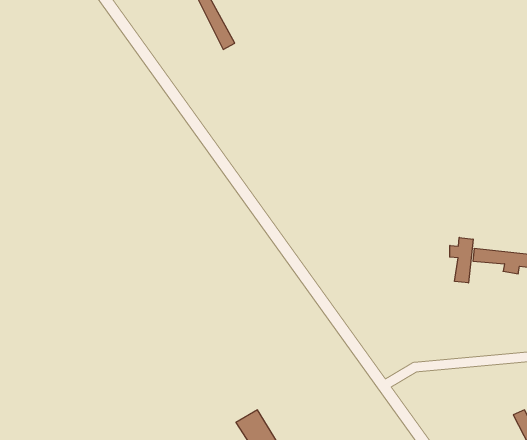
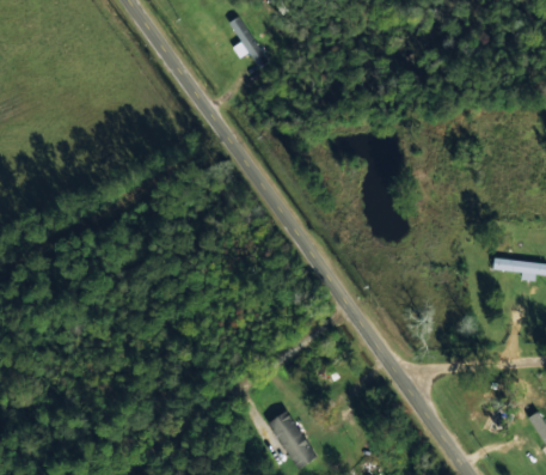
building: [450,237,473,283] -> none

